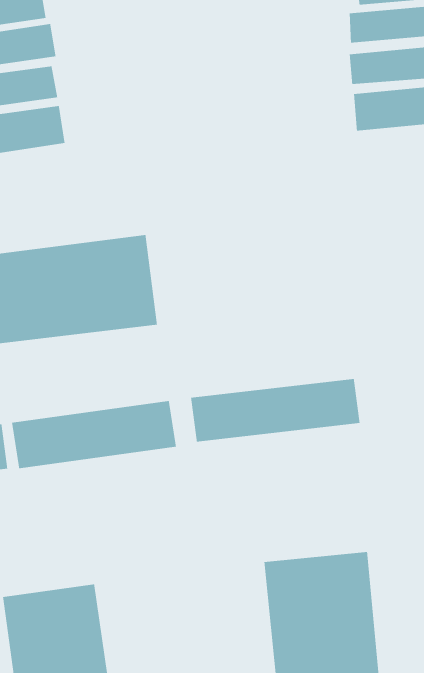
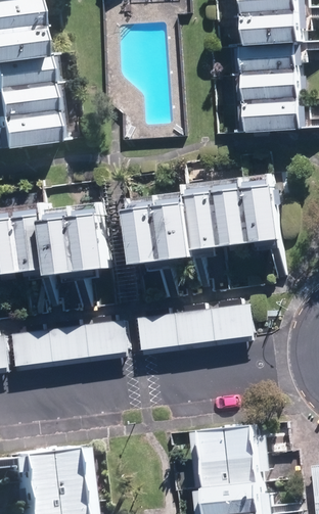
building: none -> [128,181,283,259]

